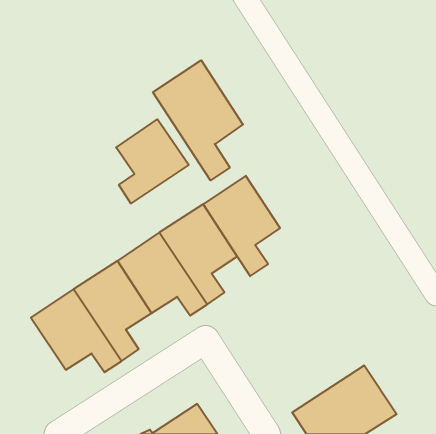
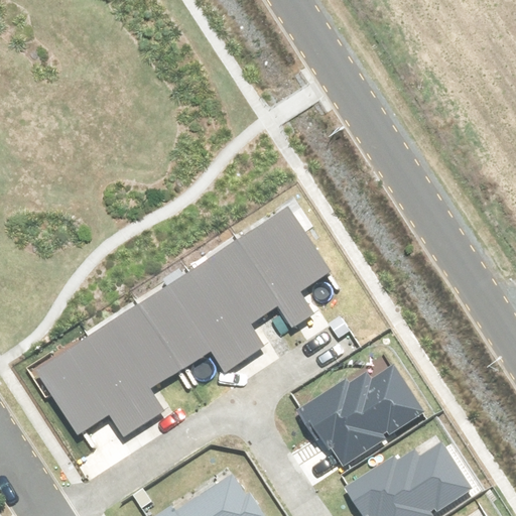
building: [153,60,243,180] -> none
building: [116,119,189,204] -> none
building: none -> [300,369,421,469]

